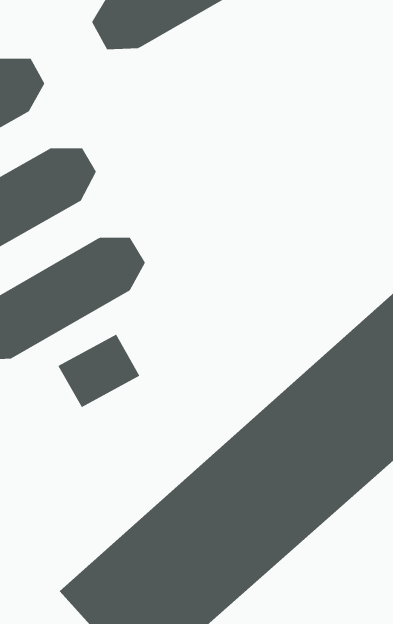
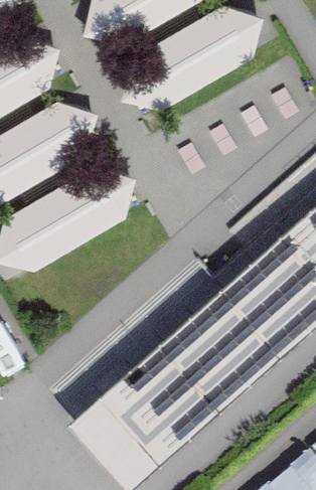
building: none -> [126,12,258,101]

